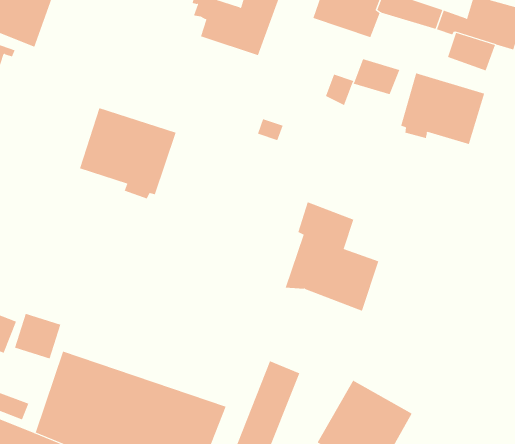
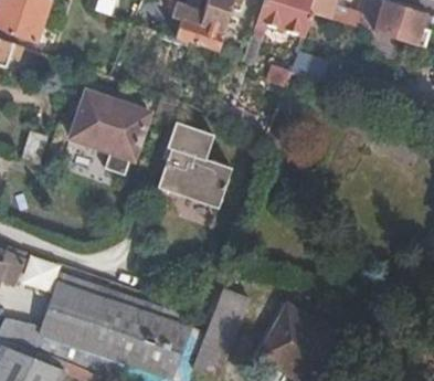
building: [401,73,485,145] -> none
building: [285,201,379,311] -> [157,117,232,204]

